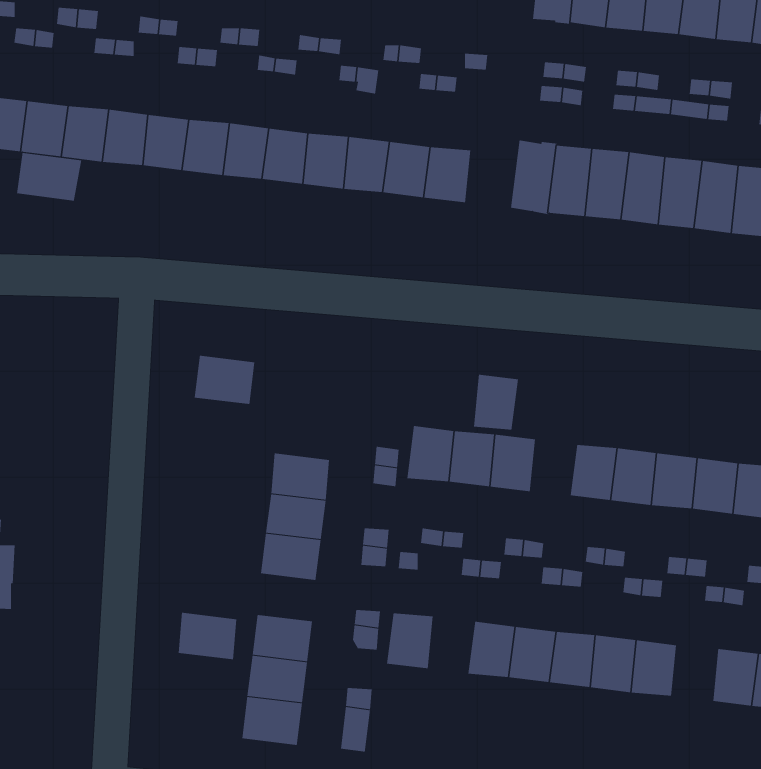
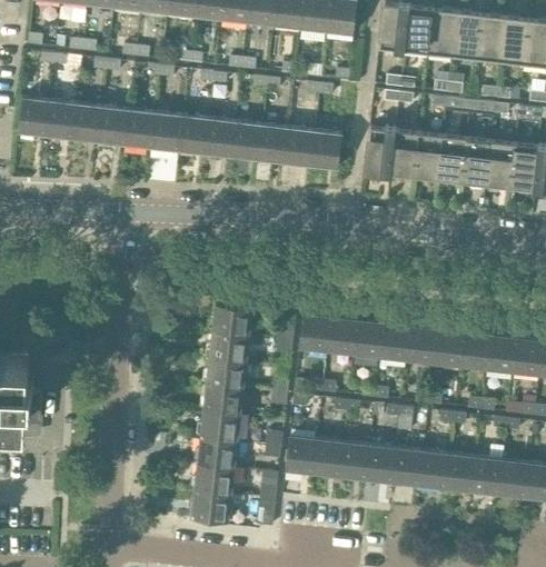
building: [17,152,82,201] -> none
building: [194,355,255,405] -> [211,305,251,337]
building: [473,374,519,430] -> [379,324,409,360]
building: [178,612,237,660] -> [200,411,239,442]
building: none -> [312,439,343,477]
building: none -> [471,458,502,495]

